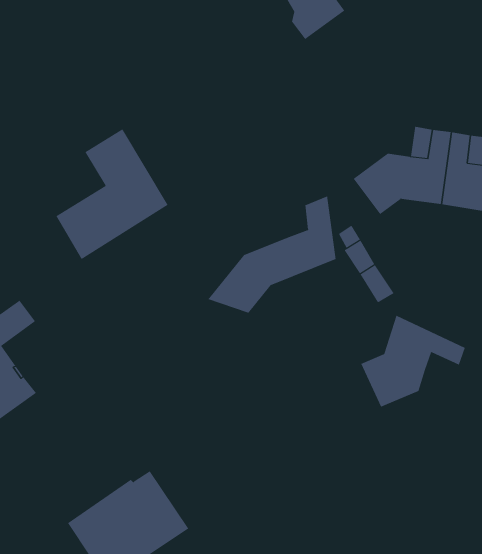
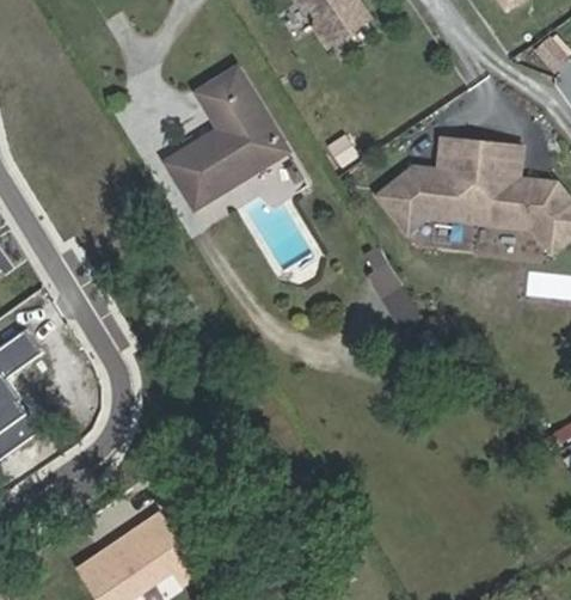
building: [55,129,169,260] -> [166,66,287,206]
building: [208,195,336,314] -> none
building: [360,315,466,407] -> none

